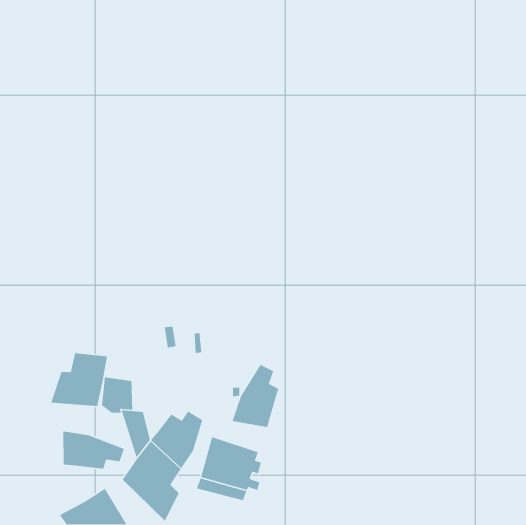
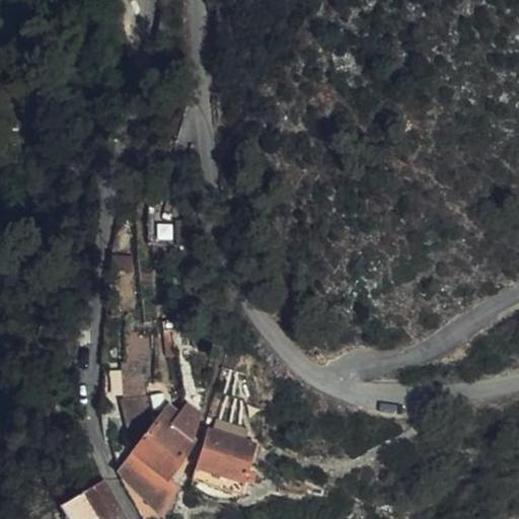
building: [50,352,108,407] -> none
building: [231,364,279,428] -> none
building: [63,430,125,469] -> none

